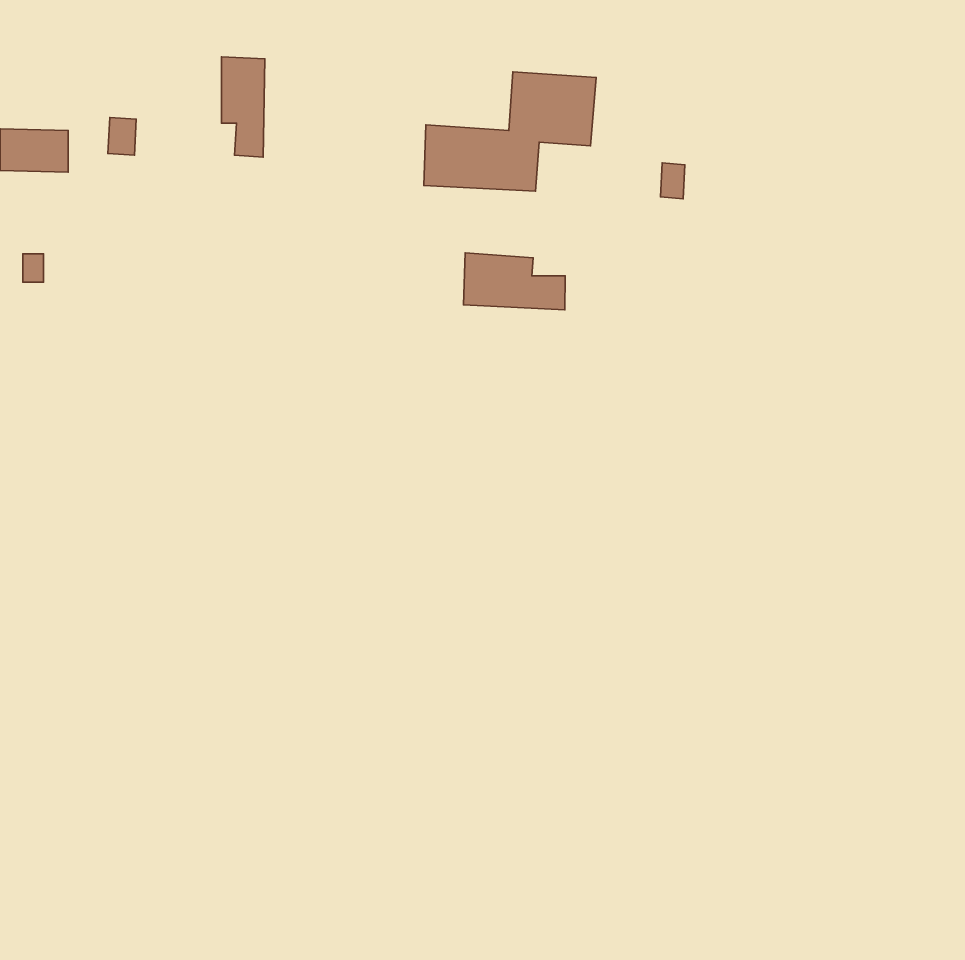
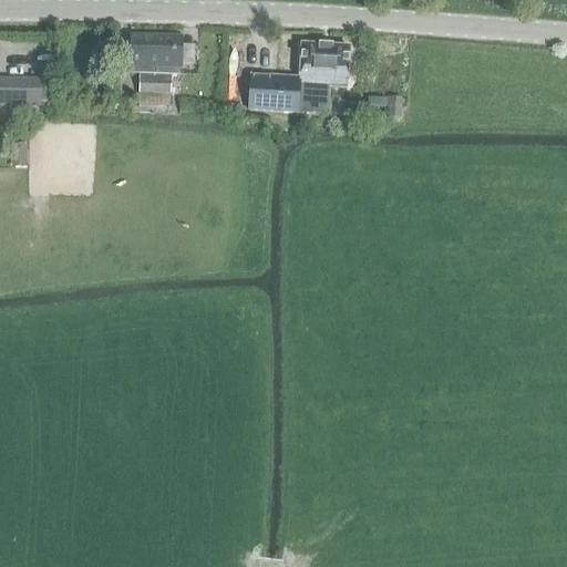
building: none -> [155,34,181,92]
building: [464,253,565,310] -> none

